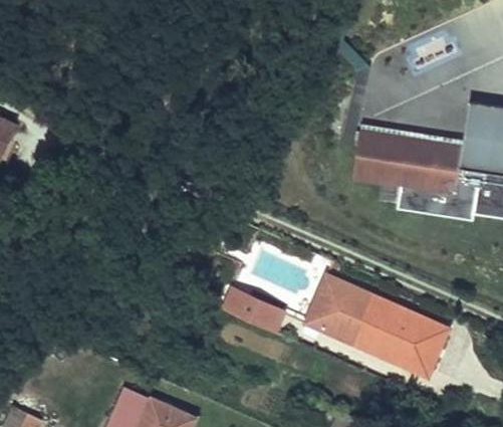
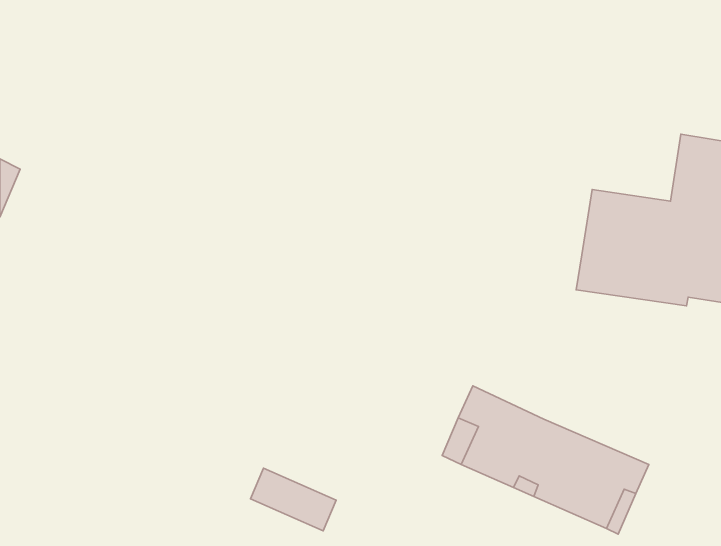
building: [354,131,410,183] -> none
building: [224,289,283,333] -> [250,468,336,531]

